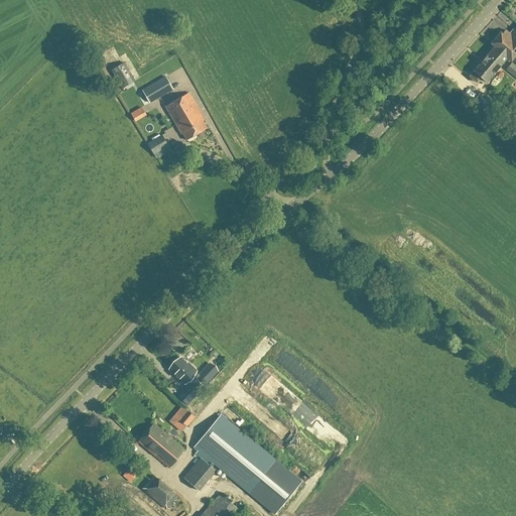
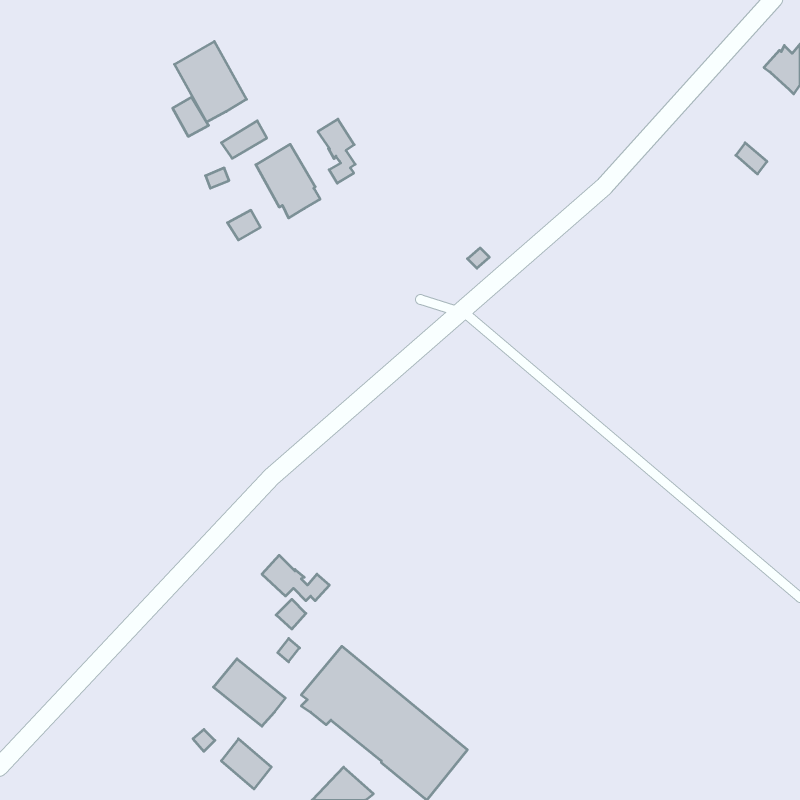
building: none -> [174,41,247,122]
building: [469,46,507,82] -> none
building: none -> [318,119,355,183]
building: [183,458,215,490] -> none

